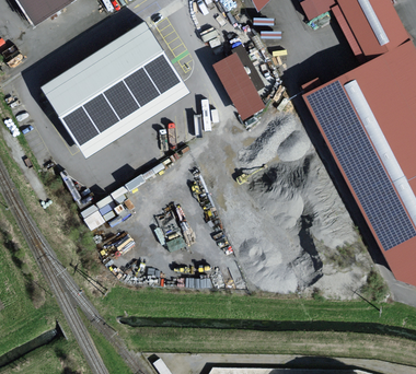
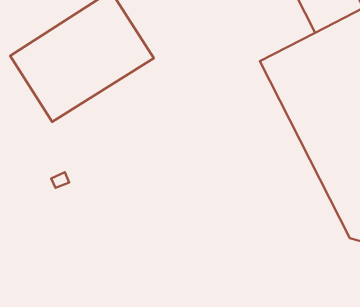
building: [216,54,265,119] -> none

